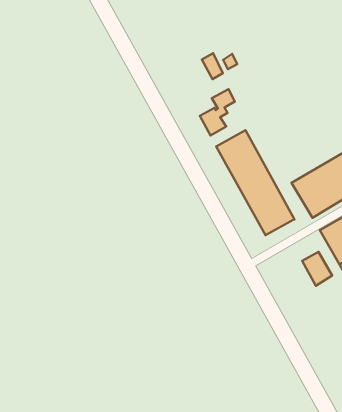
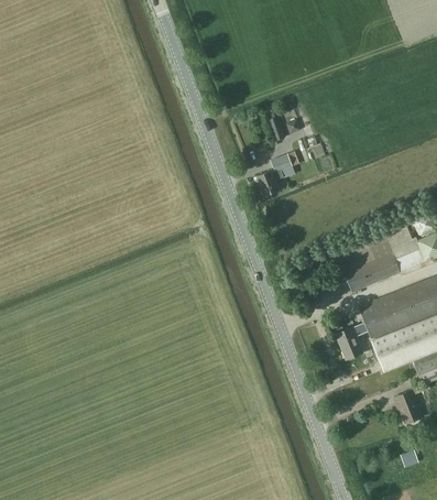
building: [216,130,295,235] -> none

